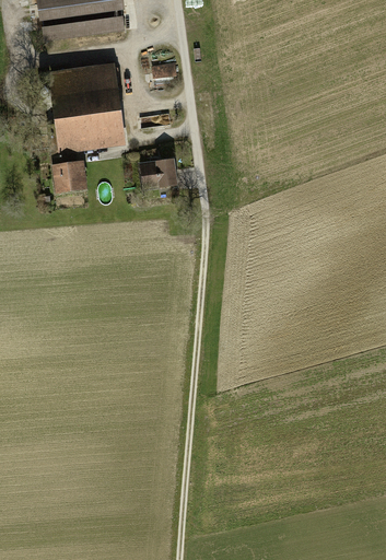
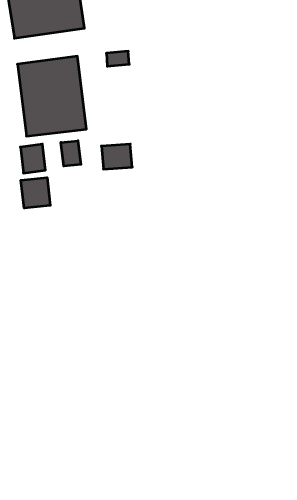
building: none -> [61,141,81,166]
building: none -> [21,178,50,208]

